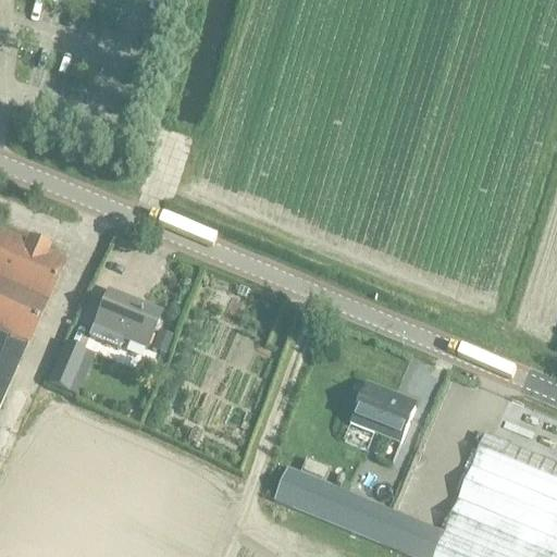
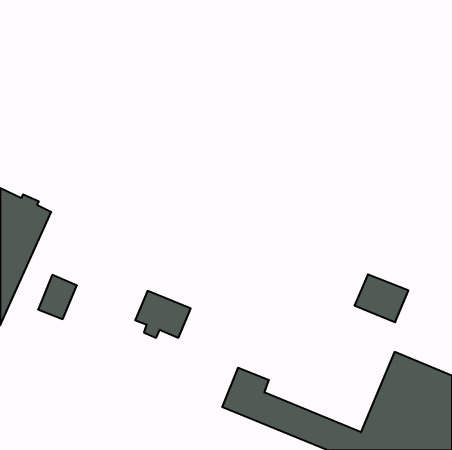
building: [92,290,161,348] -> [135,291,191,338]
building: [350,385,417,444] -> [354,274,408,322]

